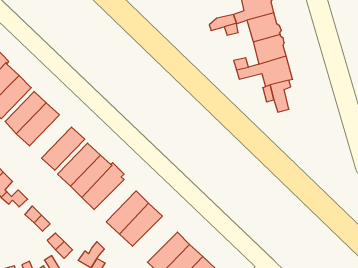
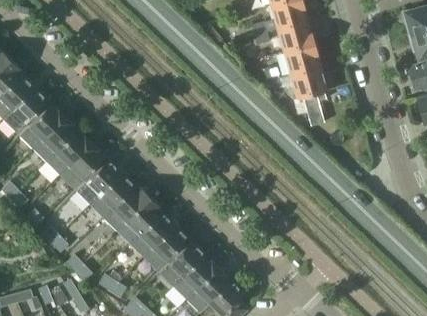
building: none -> [46,129,91,175]
building: none -> [115,198,160,243]
building: none -> [159,241,204,286]

